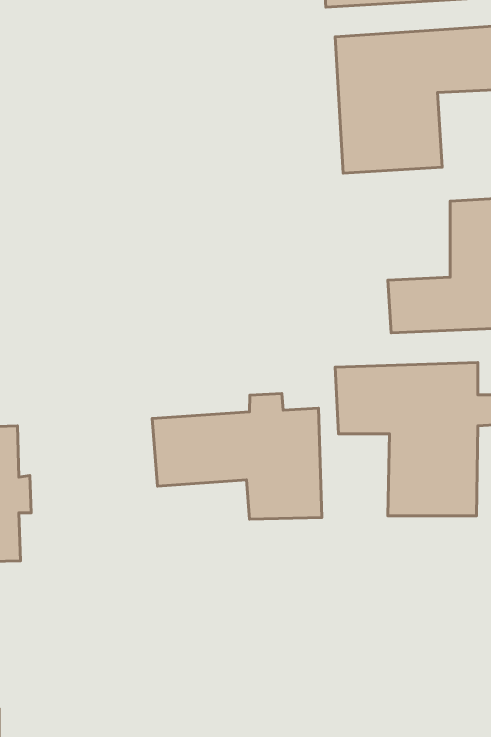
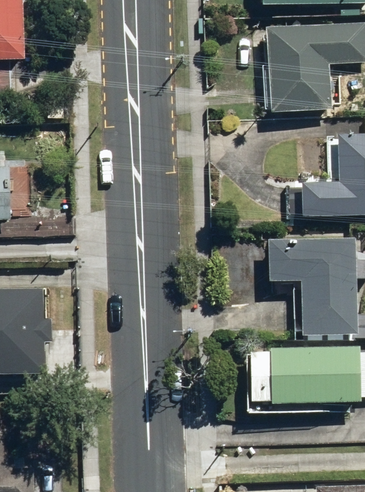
building: [152,393,322,519] -> none
building: none -> [235,352,347,411]

